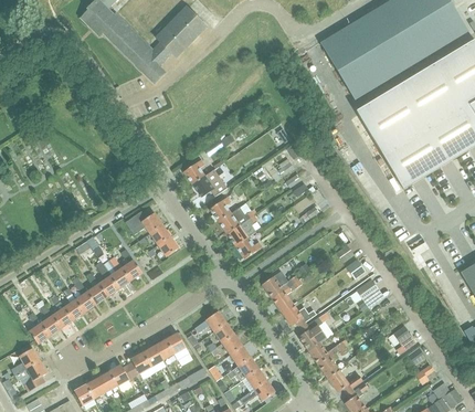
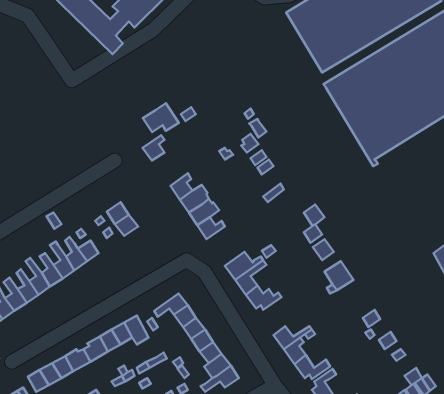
building: [192,170,226,198] -> [143,103,179,132]
building: [125,211,162,235] -> none
building: [298,315,334,351] -> none

